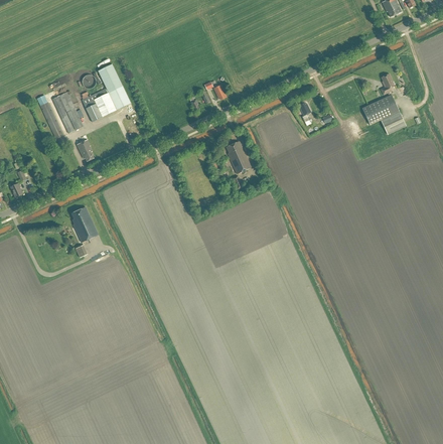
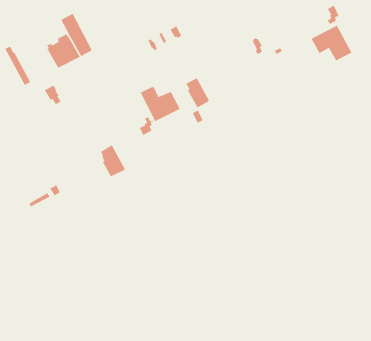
building: [51,91,83,132] -> none
building: none -> [139,85,181,136]
building: [71,205,98,241] -> [100,144,126,177]

